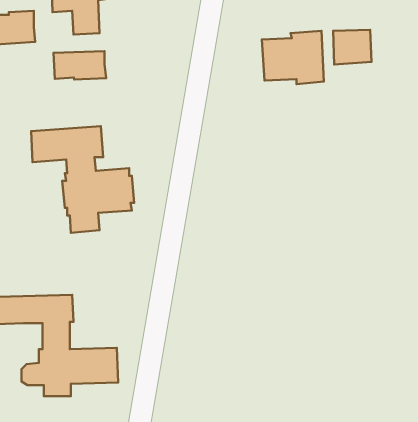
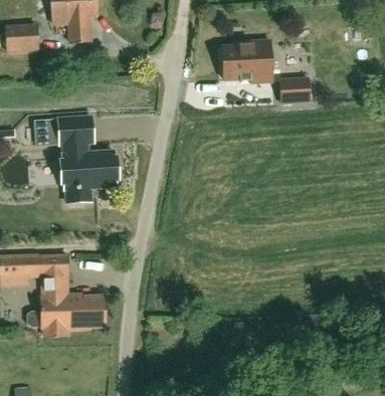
building: [333,30,372,64] -> [279,76,311,105]
building: [53,51,106,79] -> none

